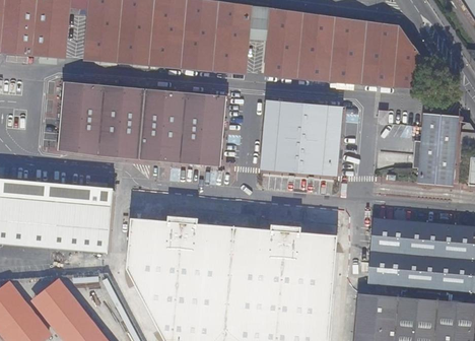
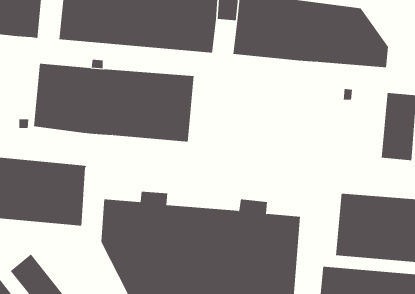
building: [260,100,342,176] -> none

